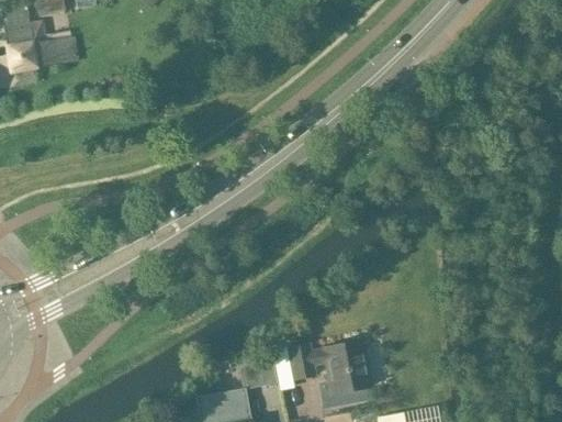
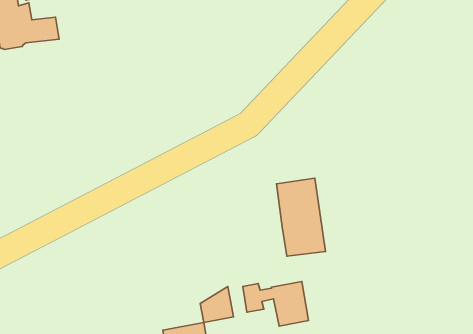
building: none -> [276,178,326,256]

